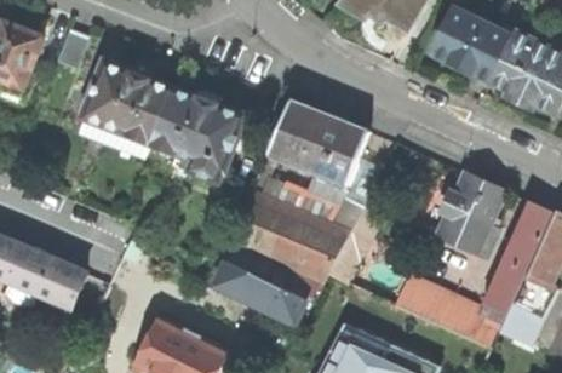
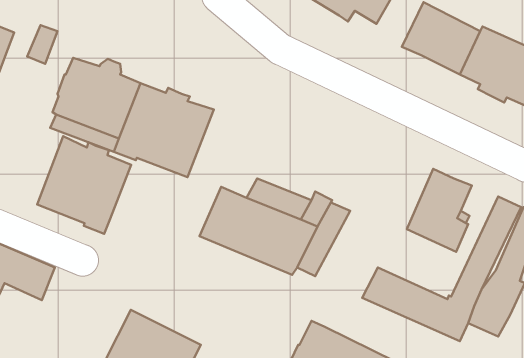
building: [266,99,368,185] -> none
building: none -> [37,136,131,234]
building: [218,260,305,322] -> none

